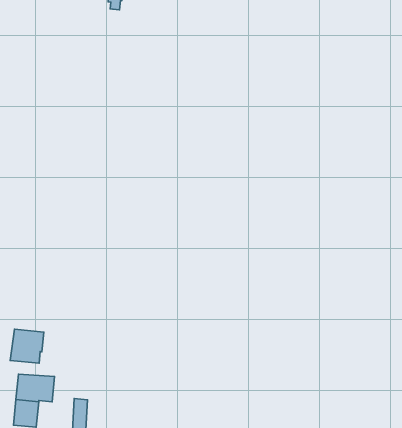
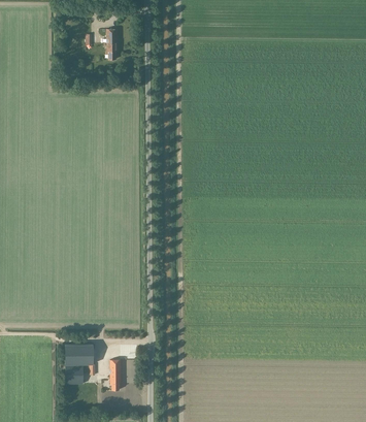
building: [10,329,44,363] -> none

